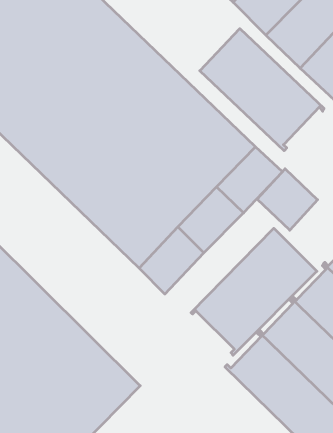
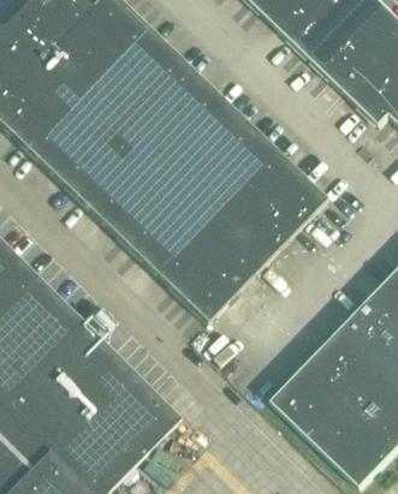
building: [200,29,324,151] -> none
building: [257,169,318,230] -> none
building: [191,228,317,355] -> none

